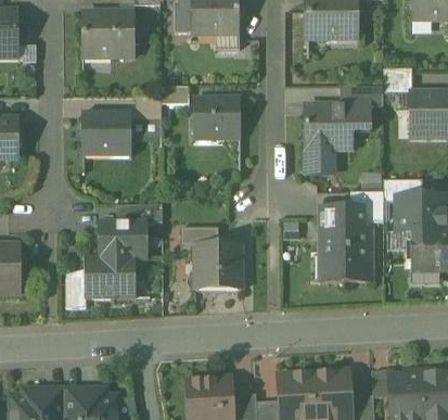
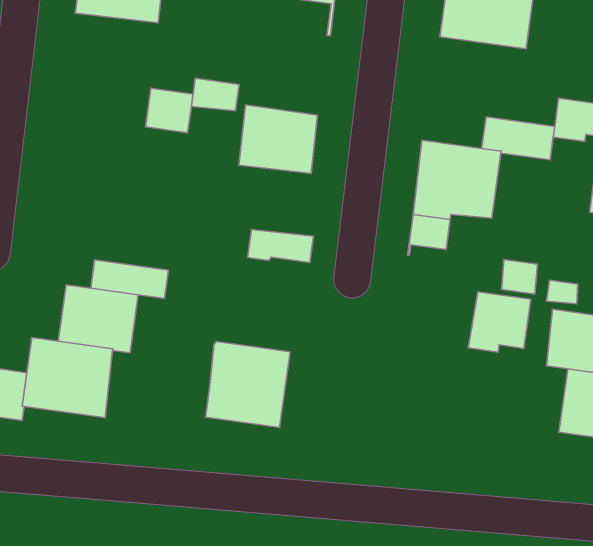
building: [85,112,131,156] -> none
building: [319,226,368,281] -> none
building: [182,227,220,245] -> [248,229,313,263]

